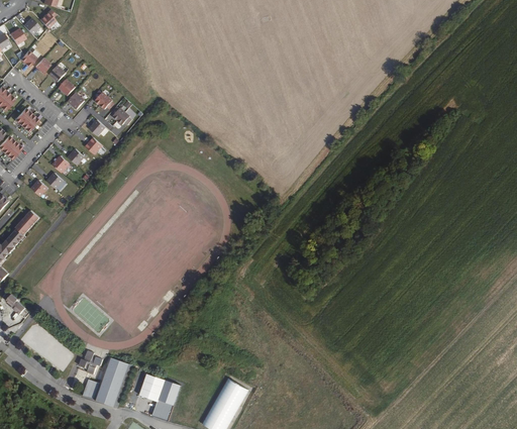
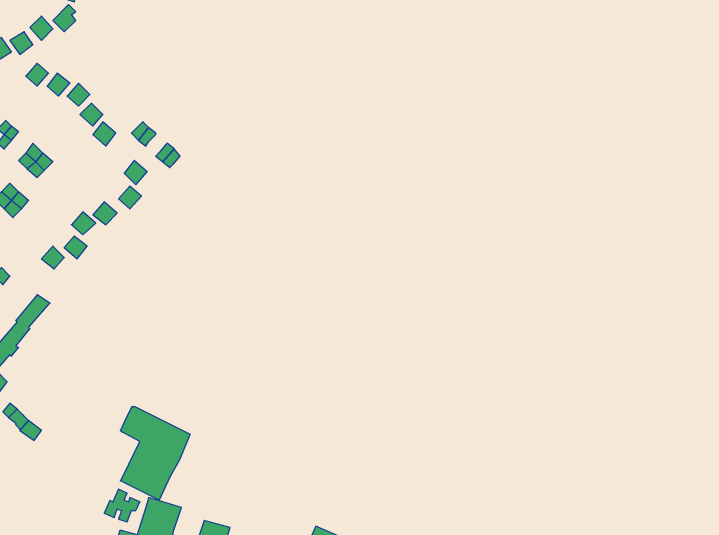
building: none -> [120,406,190,500]

